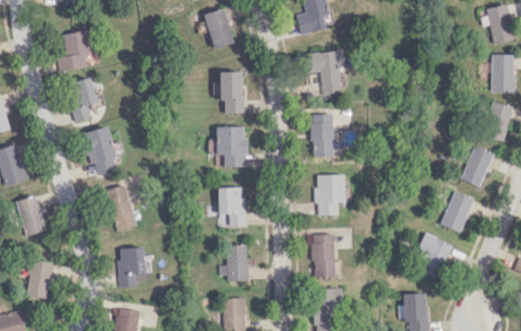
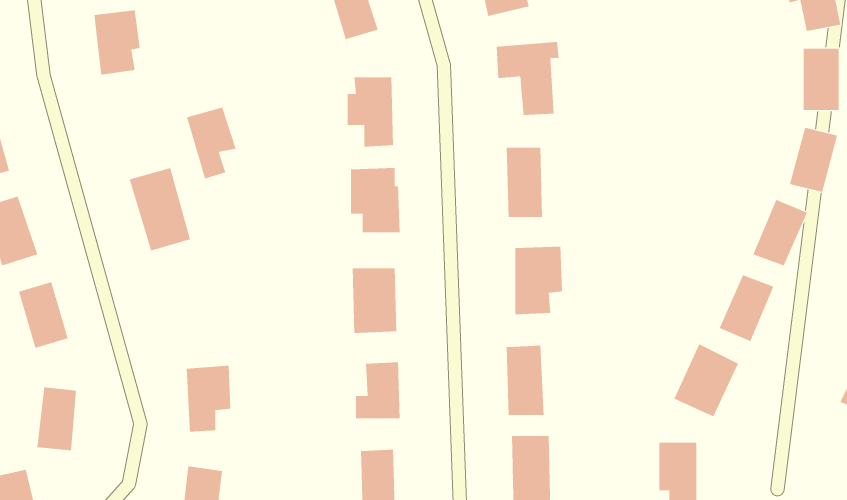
building: [67,77,98,121] -> [186,107,236,179]
building: [105,184,137,231] -> none

